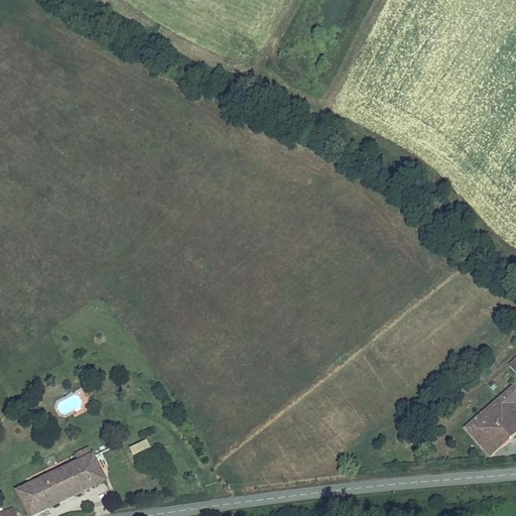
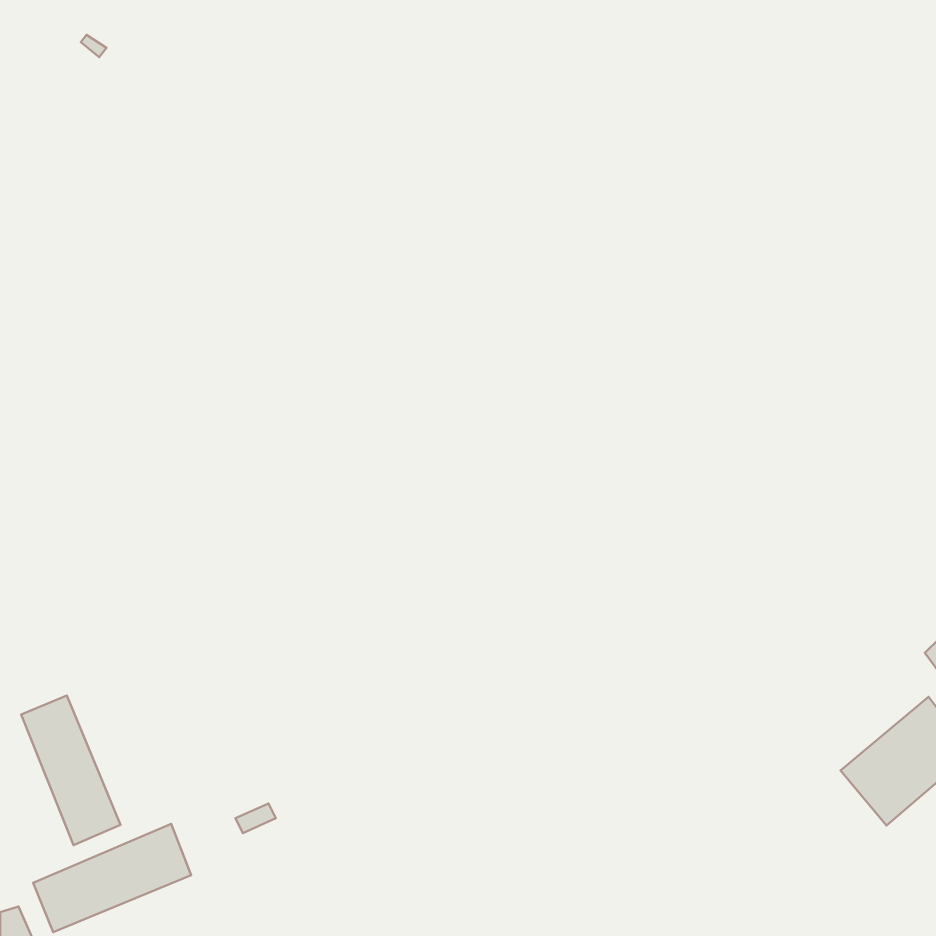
building: none -> [21,695,120,845]

